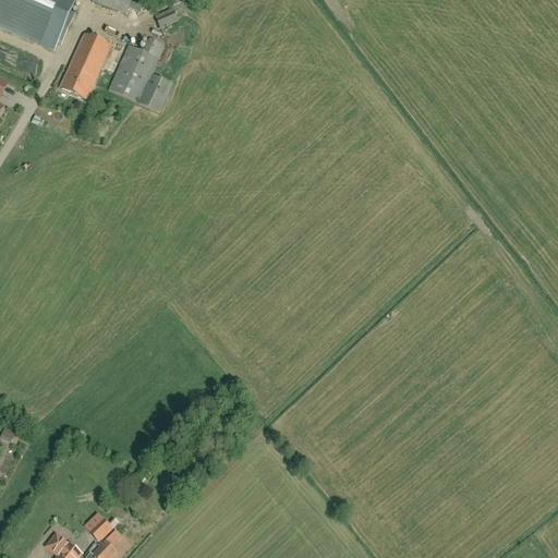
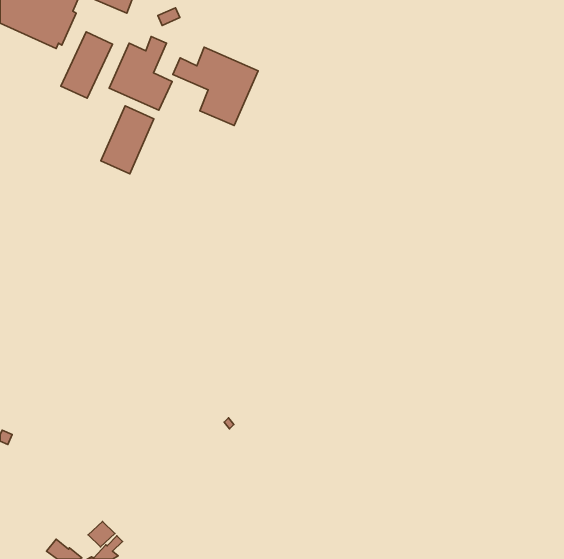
building: none -> [173,47,258,125]
building: none -> [101,106,154,174]

